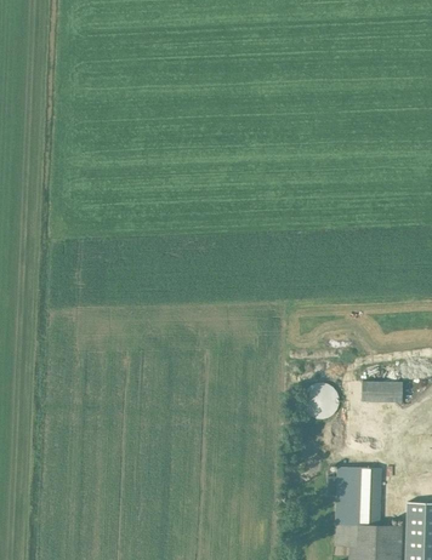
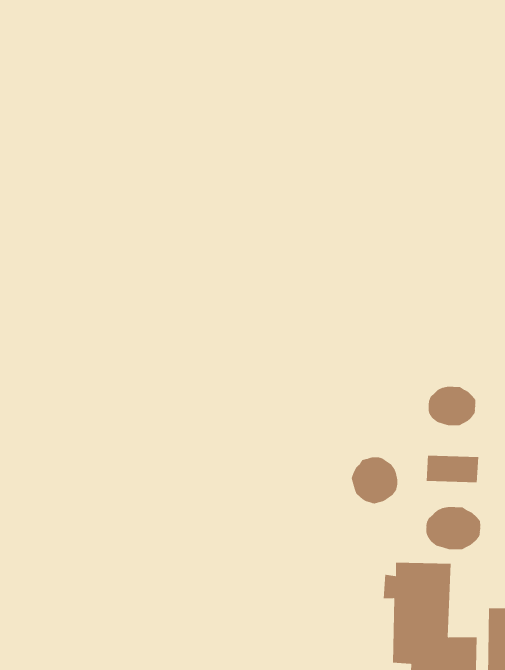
building: none -> [428,386,476,426]
building: none -> [426,506,481,550]

